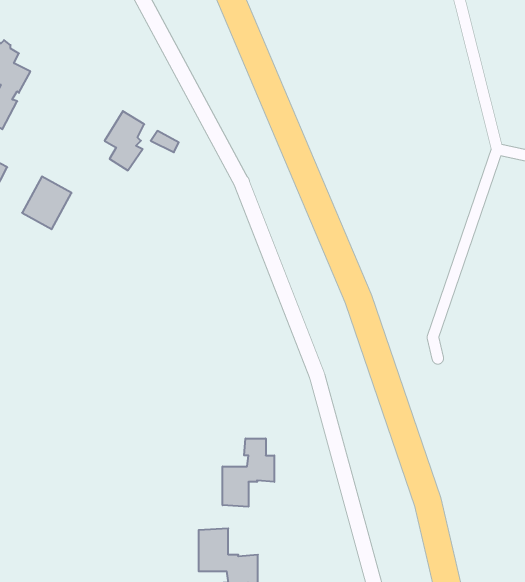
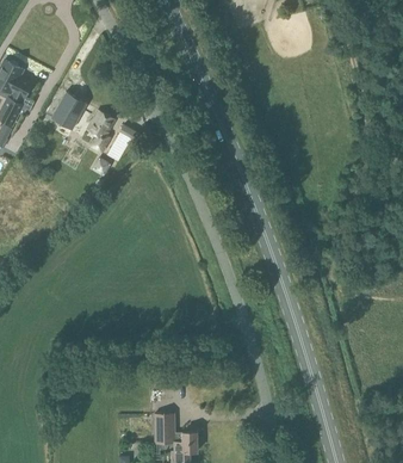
building: [22,176,72,229] -> [50,92,86,130]
building: [223,438,274,507] -> none

